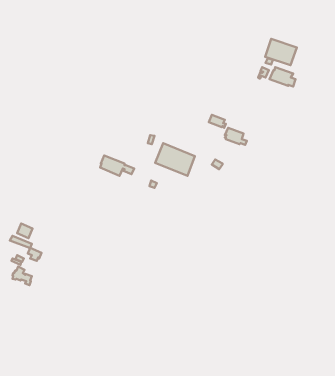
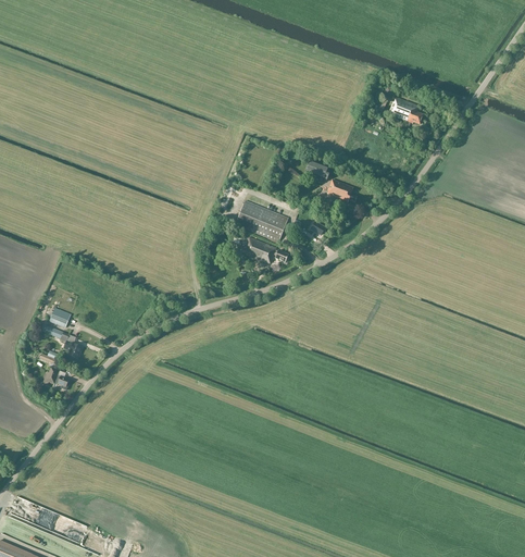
building: [265,39,297,65] -> none
building: [100,155,134,176] -> [243,237,289,264]

